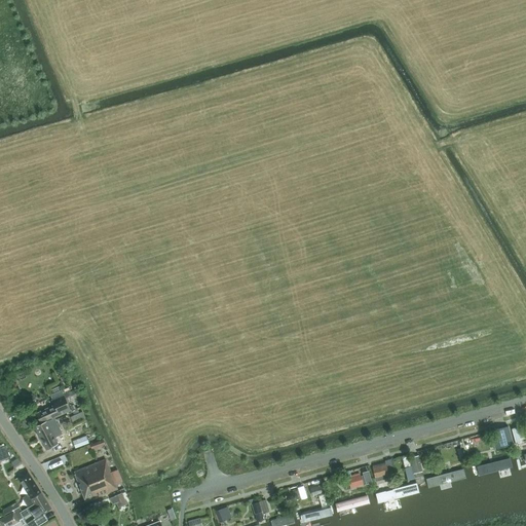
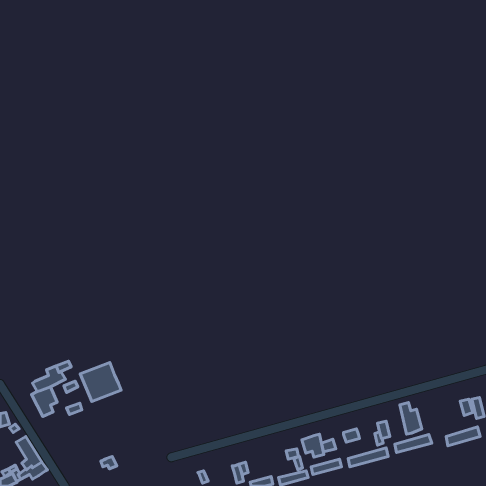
building: none -> [400,402,422,434]
building: [73,458,117,500] -> [80,362,121,402]
building: none -> [302,434,324,457]

